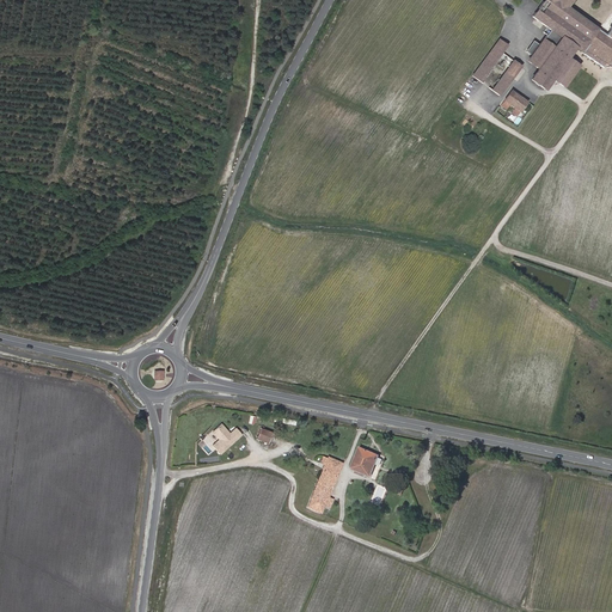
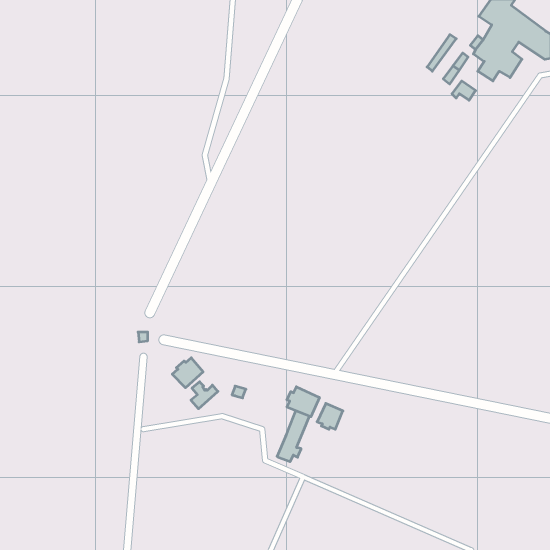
building: none -> [172,358,203,388]
building: none -> [287,387,319,417]

